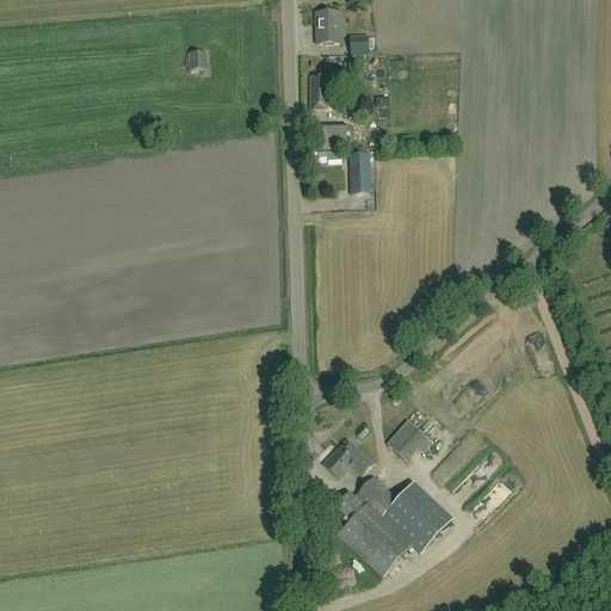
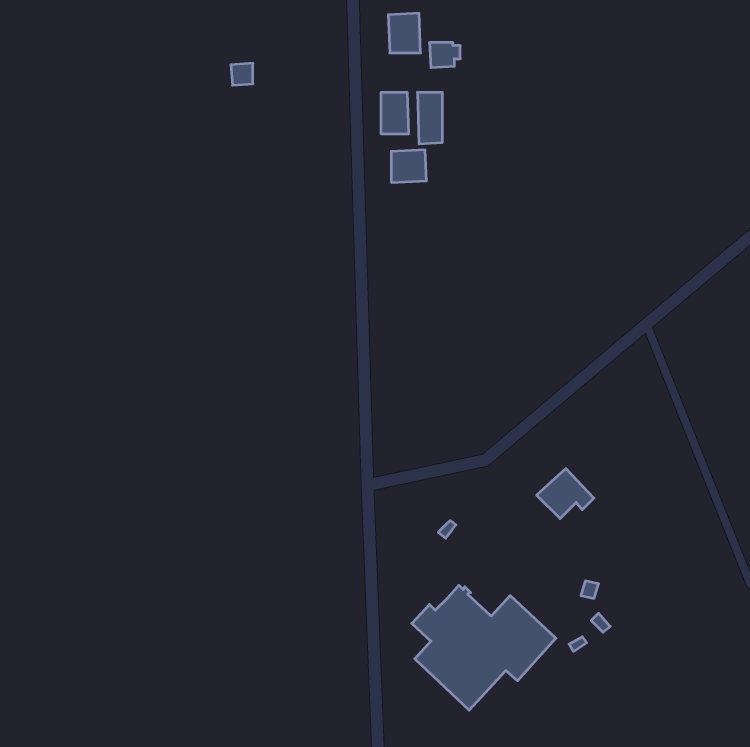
building: [348,153,369,195] -> [417,92,442,144]
building: [388,418,434,458] -> [537,469,594,519]
building: [321,438,374,480] -> none

